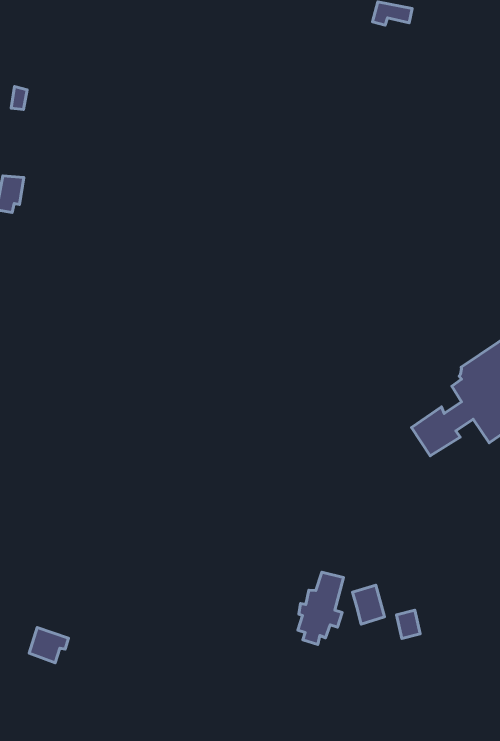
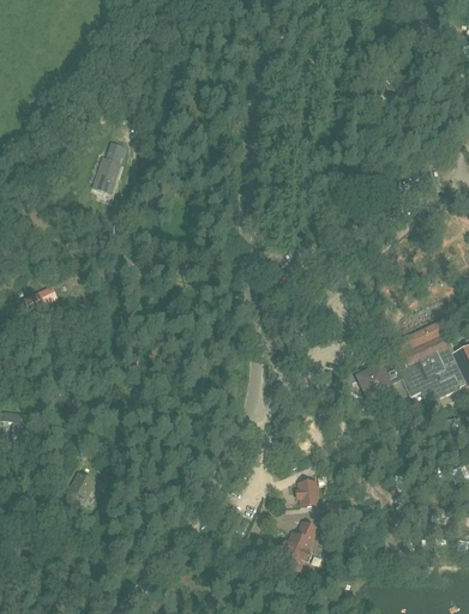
building: [298,572,344,644] -> [279,522,317,571]

